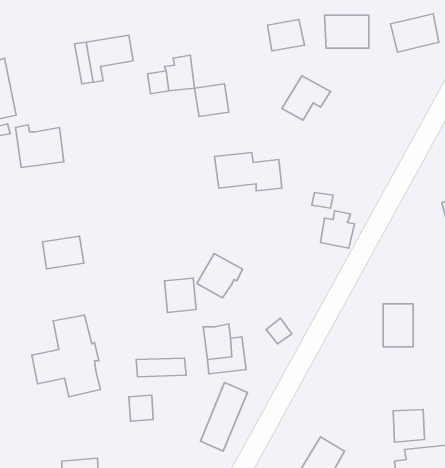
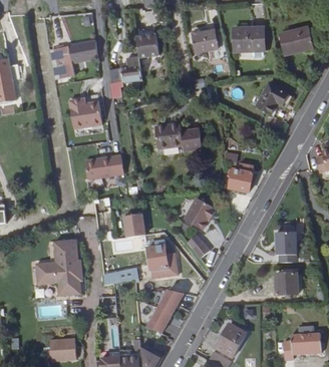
building: [282,76,330,120] -> [257,82,291,113]
building: [195,84,229,117] -> [136,33,160,56]
building: [15,125,64,168] -> [68,98,102,128]
building: [42,236,84,269] -> [85,156,114,179]
building: [197,254,243,298] -> [185,198,217,229]
building: [393,409,425,442] -> [275,272,297,295]

